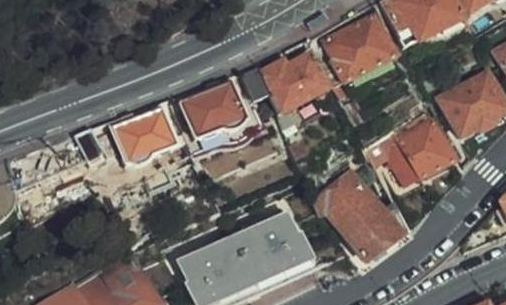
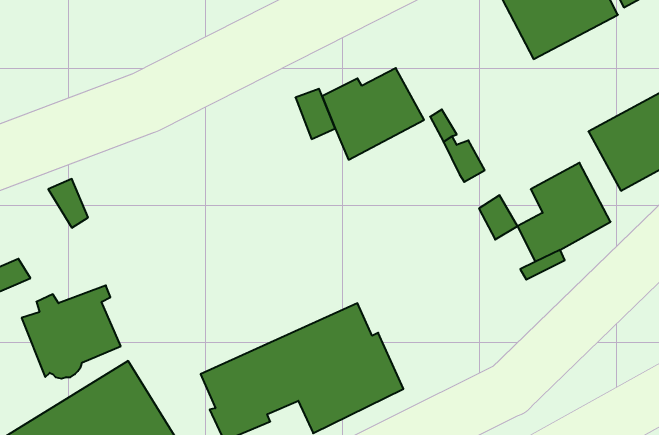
building: [325,13,395,79] -> none
building: [180,79,247,139] -> none
building: [110,105,177,168] -> [22,285,121,379]
building: [313,167,403,267] -> none

